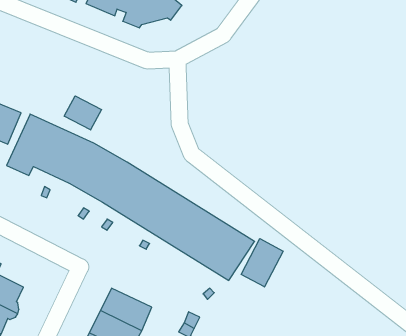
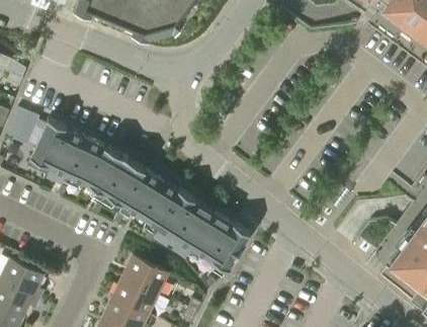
building: [64,96,102,130] -> none
building: [241,239,283,287] -> none
building: none -> [121,256,169,295]

